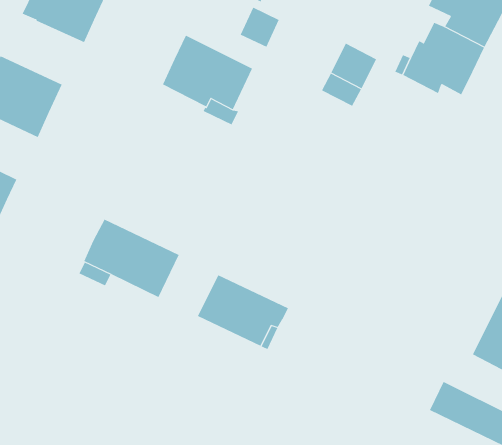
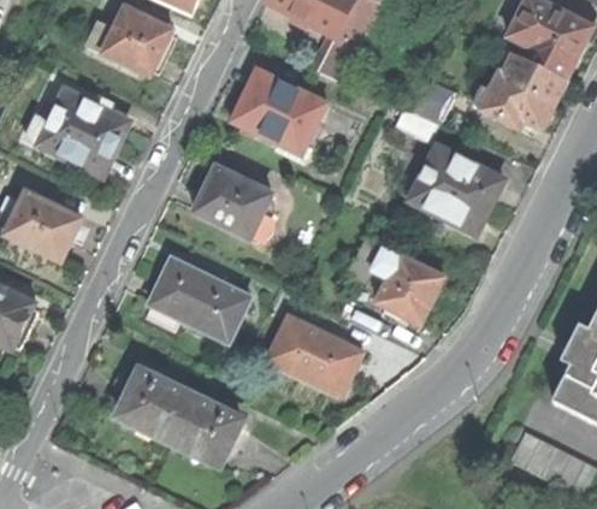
building: none -> [409,146,502,232]
building: none -> [194,158,272,238]
building: none -> [349,237,443,322]
building: none -> [118,368,242,463]

